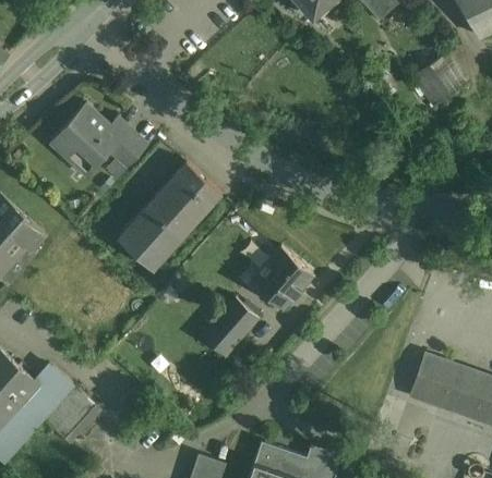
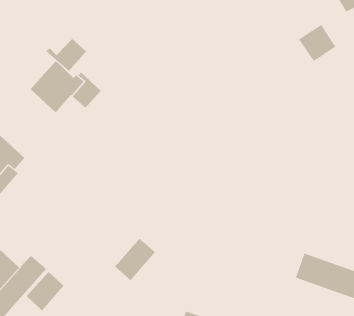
building: none -> [46,38,87,72]
building: [118,160,223,269] -> none
building: [251,245,313,308] -> none
building: [202,295,259,354] -> [114,238,156,281]

